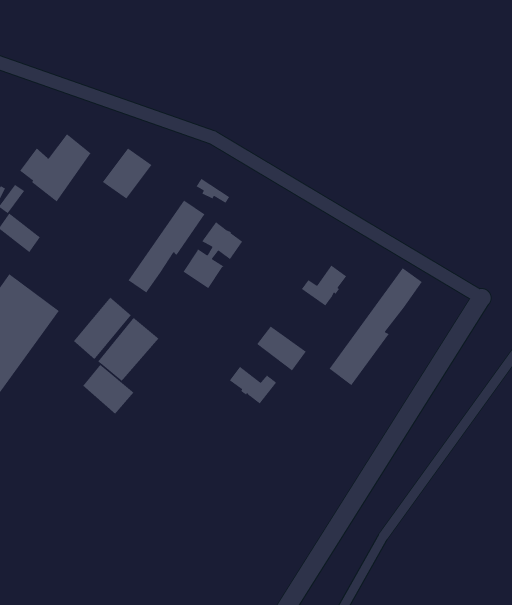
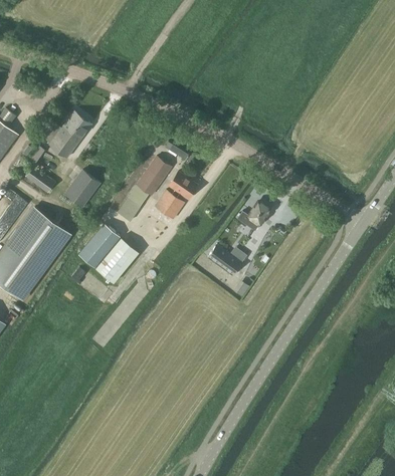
building: [102,148,153,200] -> [65,171,101,207]
building: [329,267,423,386] -> none
building: [82,364,135,415] -> none
building: [229,366,277,404] -> none

